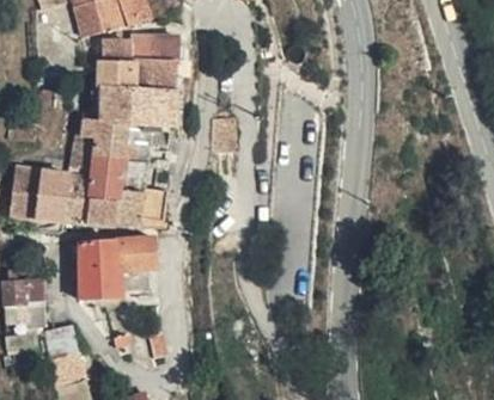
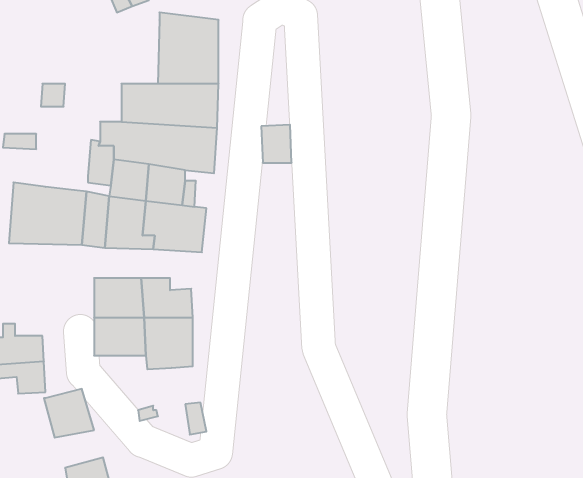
building: [100,36,130,86] -> none

